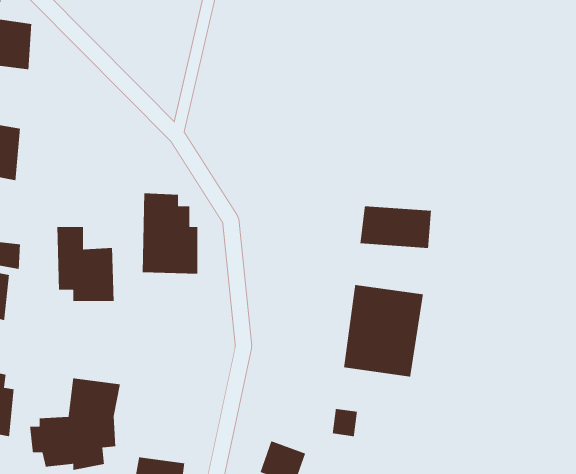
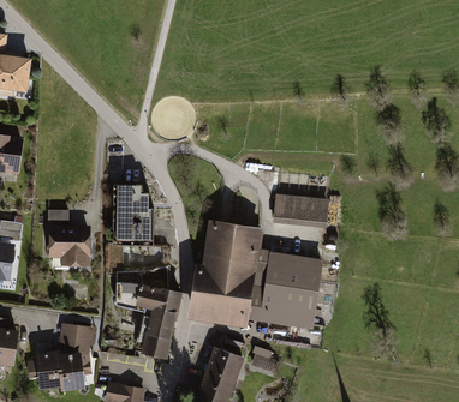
building: none -> [193,222,258,316]
building: none -> [115,282,181,359]
building: none -> [208,347,243,379]

